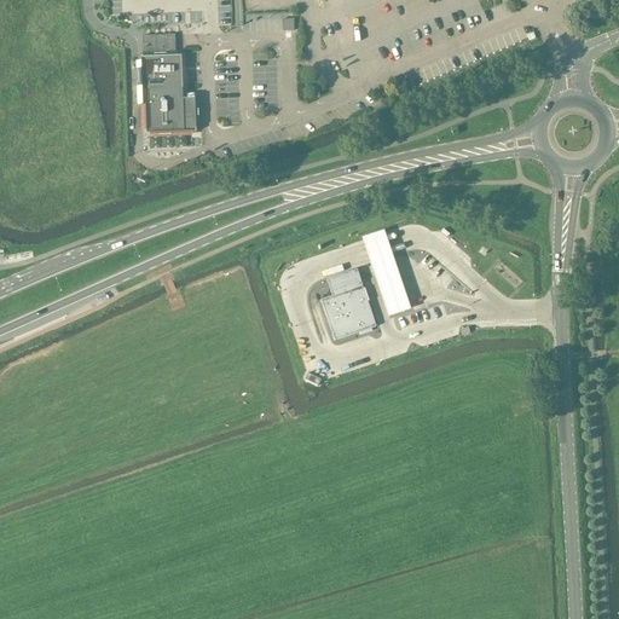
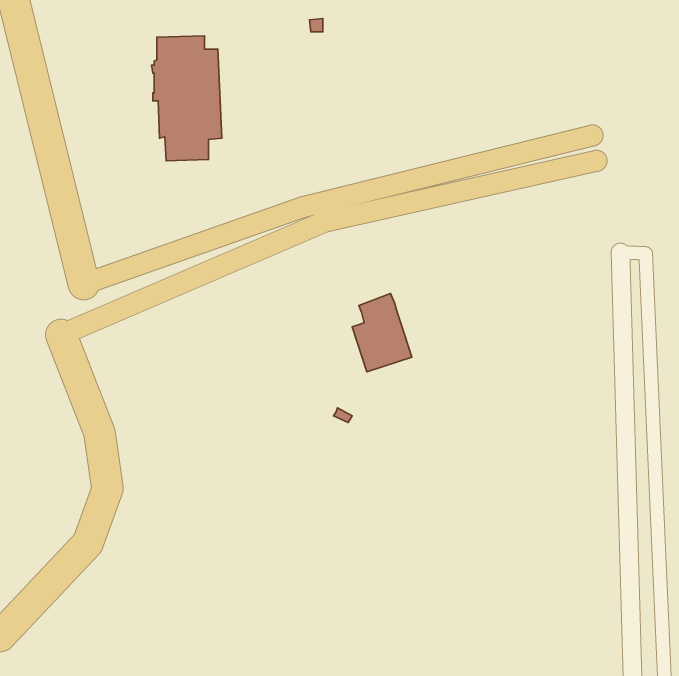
building: [363,230,409,314] -> none

